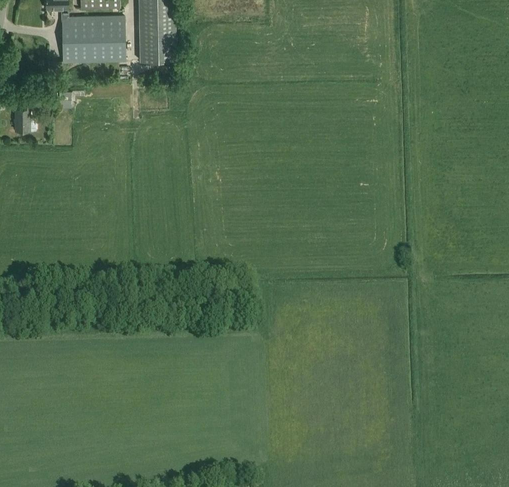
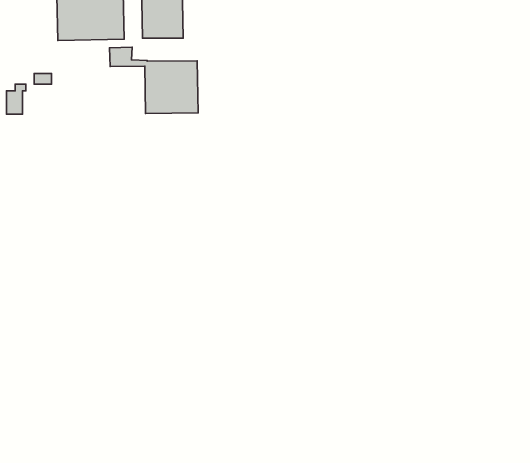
building: none -> [109,47,198,113]

